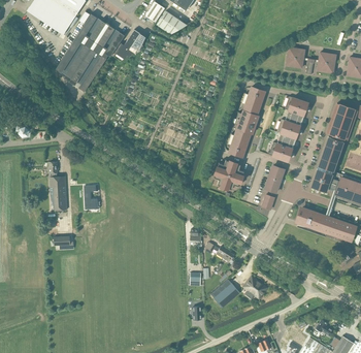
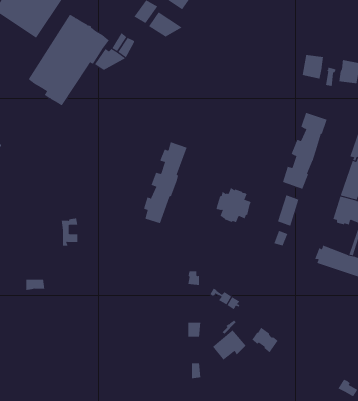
building: [228,87,265,156] -> [143,141,187,224]
building: [50,172,66,211] -> none

